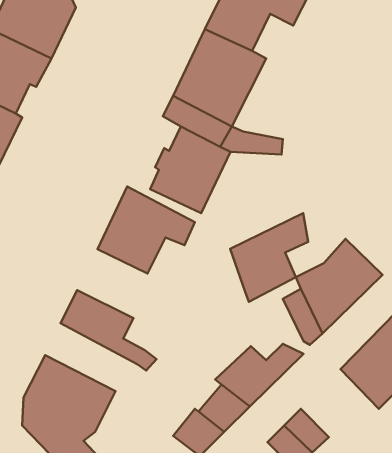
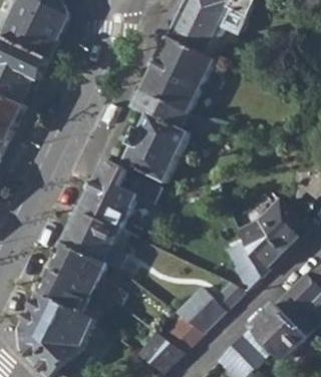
building: [230,213,308,302] -> none
building: none -> [64,209,124,268]
building: none -> [39,267,111,320]
building: none -> [249,303,301,357]

